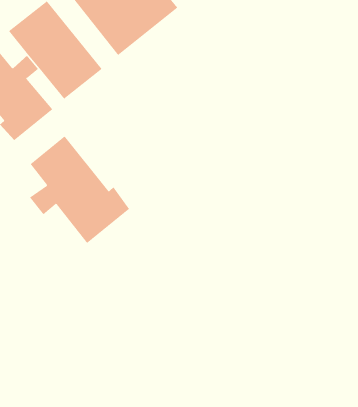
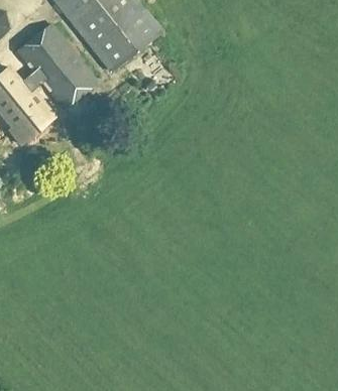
building: [29,135,130,244] -> none

